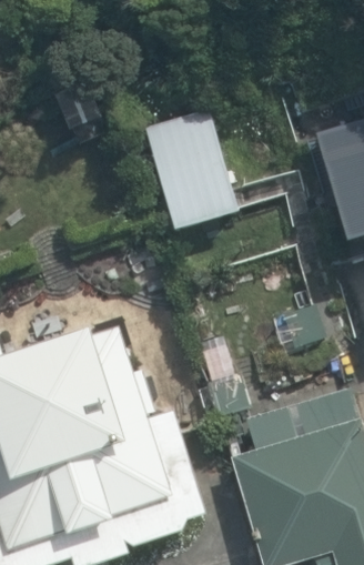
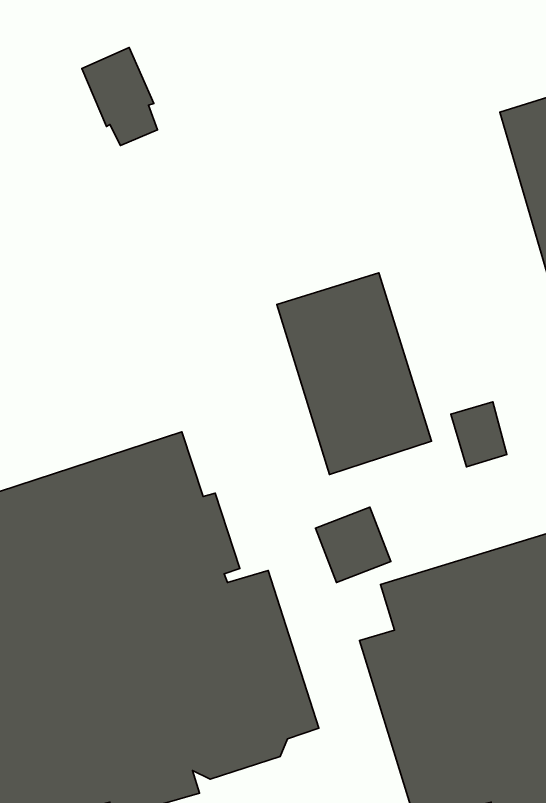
building: [143,105,241,233] -> [277,273,431,475]

